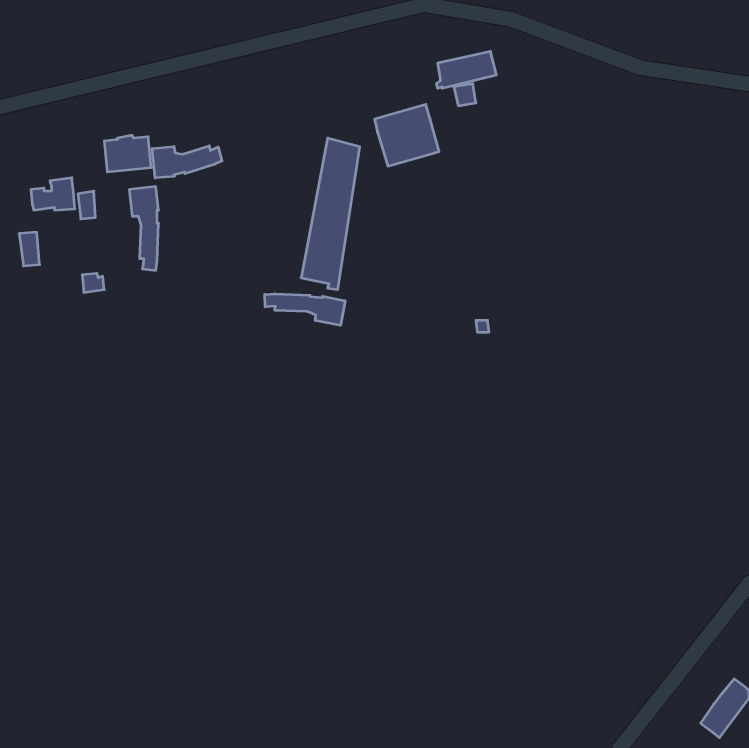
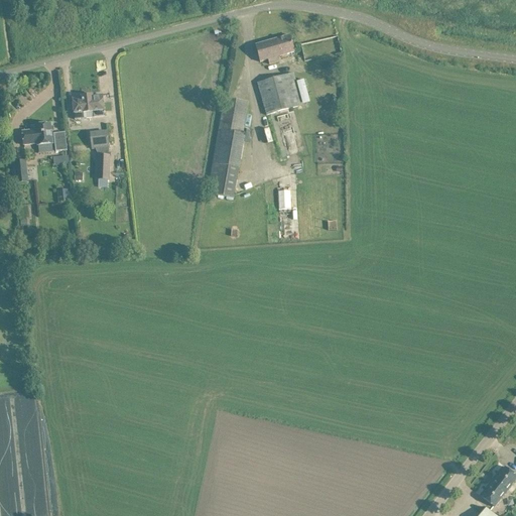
building: none -> [254,33,294,62]
building: [152,146,222,178] -> none
building: [265,294,345,325] -> none

